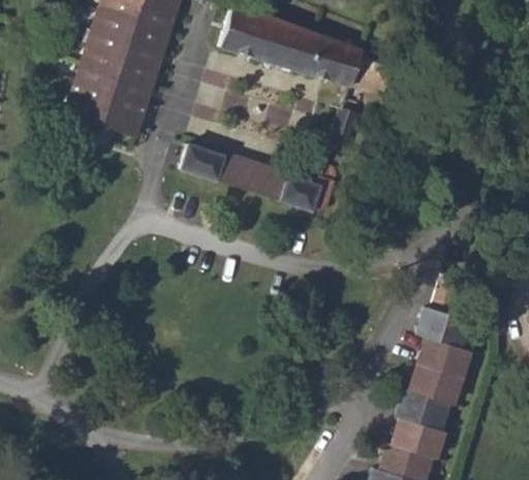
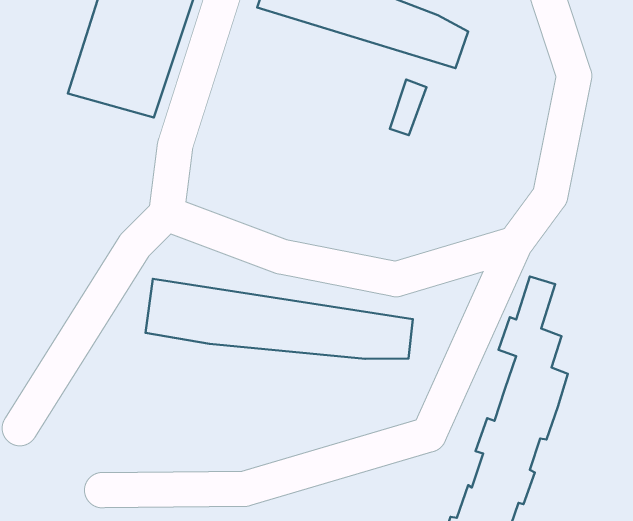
building: [177,141,335,210] -> none
building: none -> [146,279,413,359]

